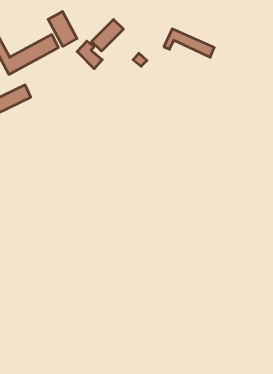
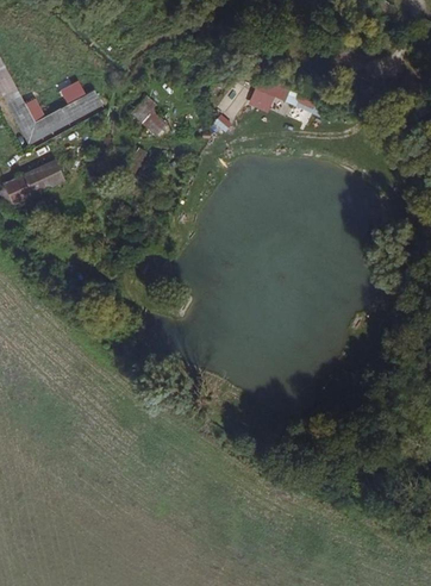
building: [48,11,77,46] -> none
building: [92,19,123,51] -> none

